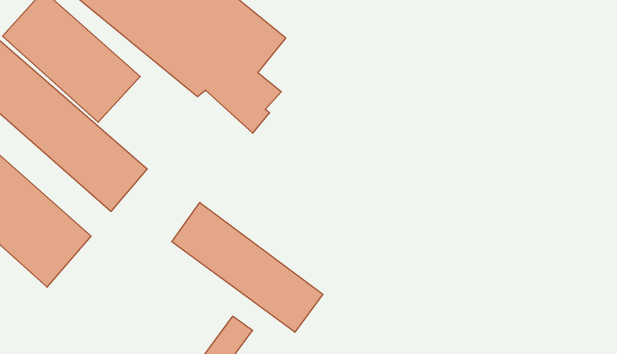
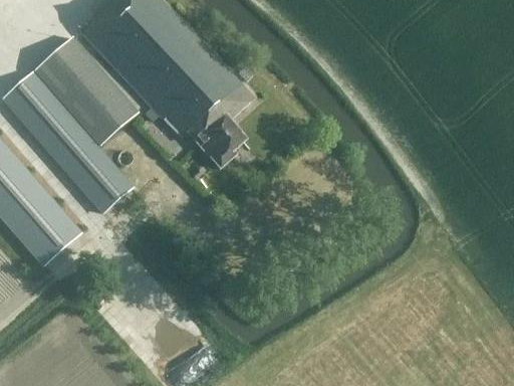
building: [172,202,323,332] -> none

